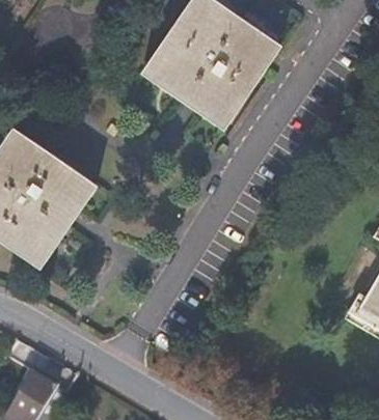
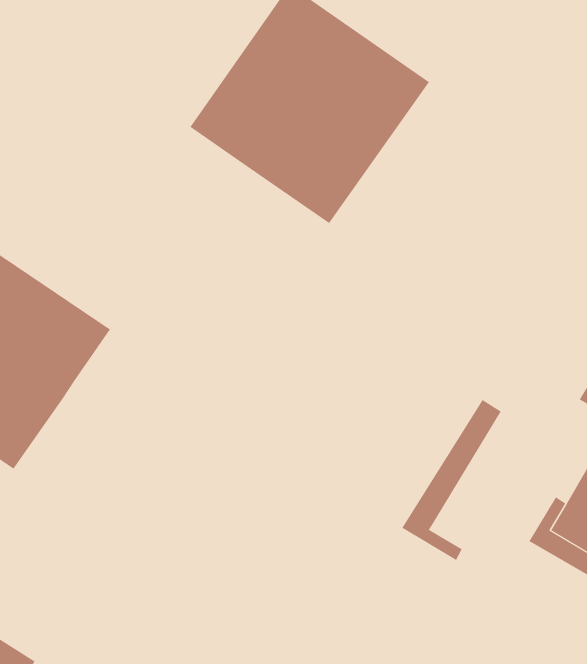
building: none -> [402,399,501,561]

